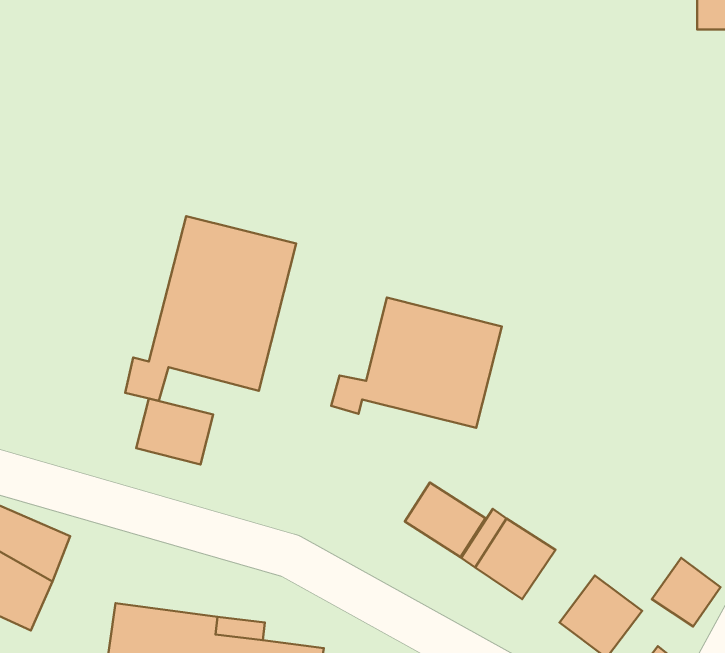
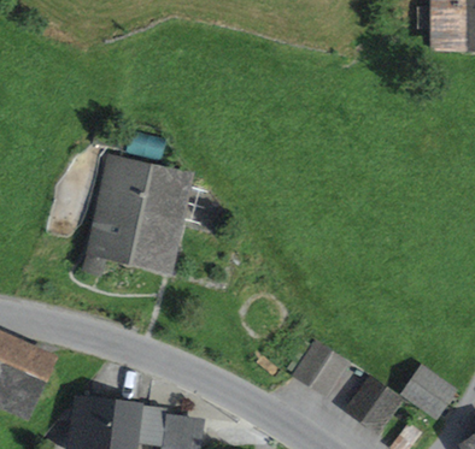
building: [331,297,502,428] -> none
building: [136,398,213,464] -> none
building: [405,483,485,557] -> none

